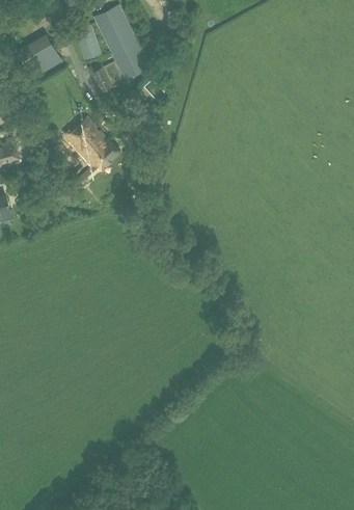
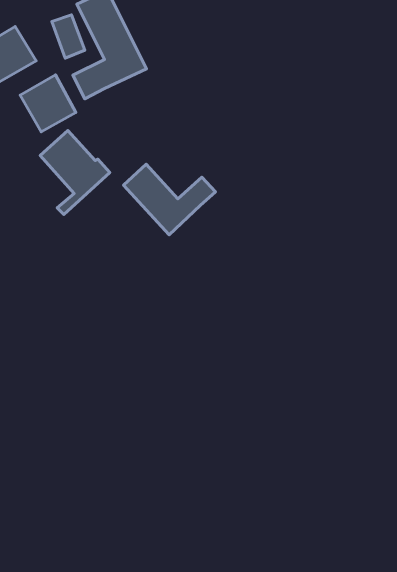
building: none -> [20,75,76,132]
building: none -> [124,164,215,235]

